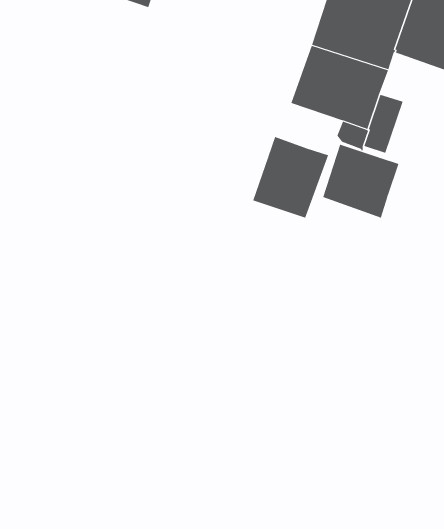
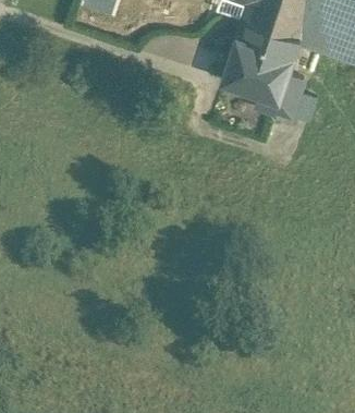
building: [252,136,329,218] -> none
building: [322,144,399,218] -> none

